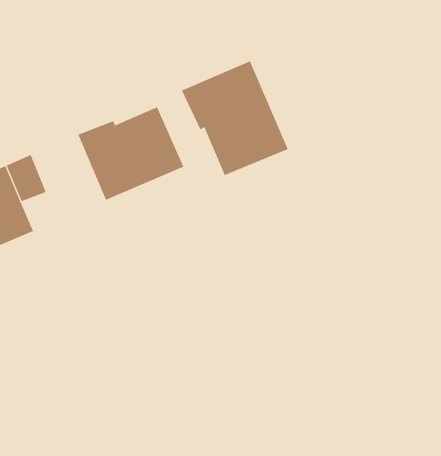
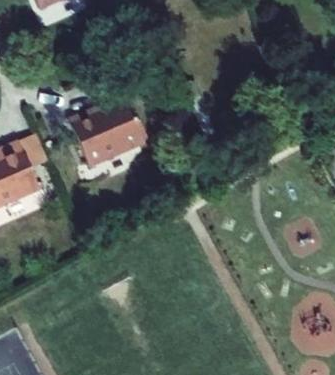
building: [181,60,288,176] -> none

